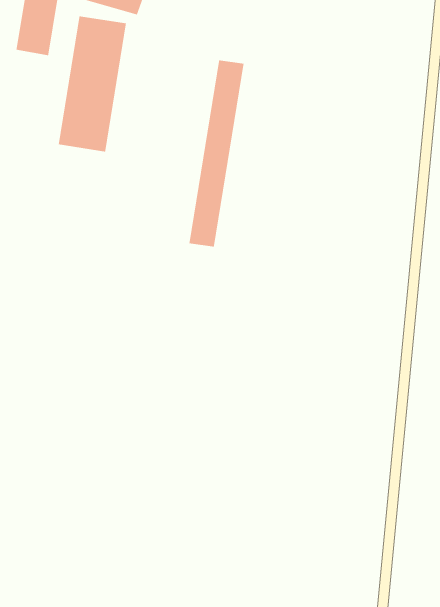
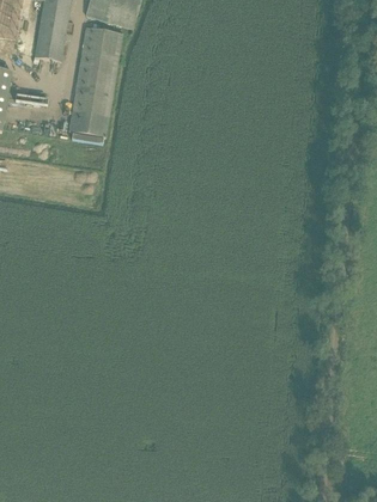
building: [188,60,244,247] -> none

